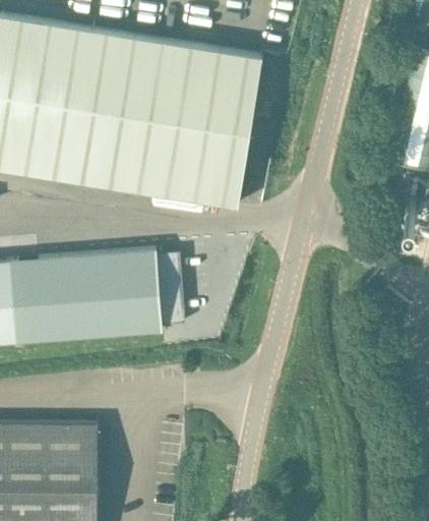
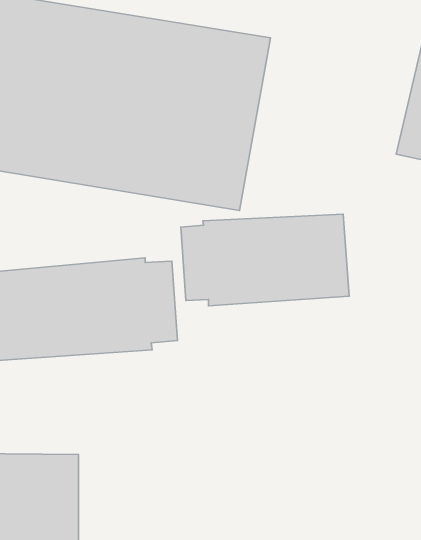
building: none -> [181,214,349,306]

